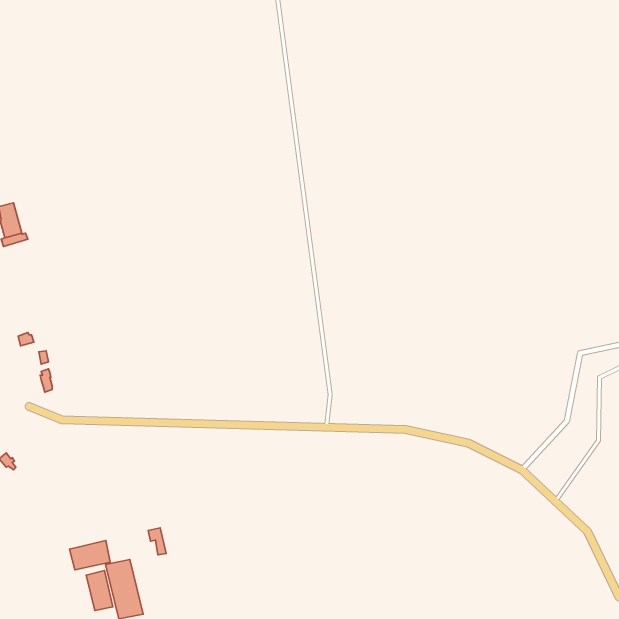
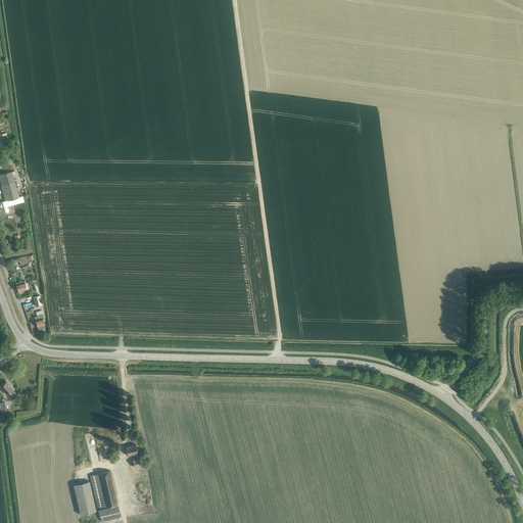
building: [69,541,110,570] -> none

